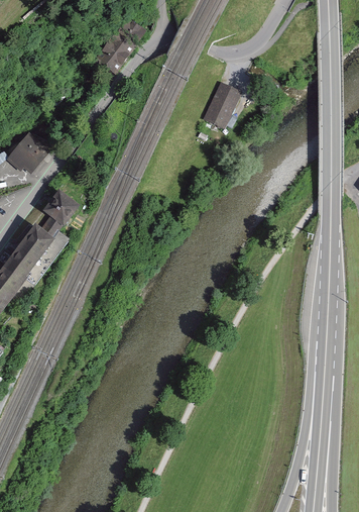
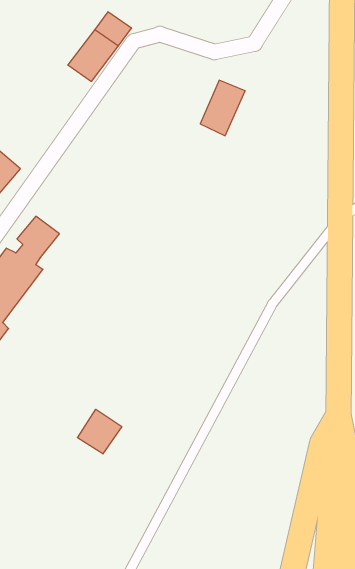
building: none -> [77,409,122,454]

